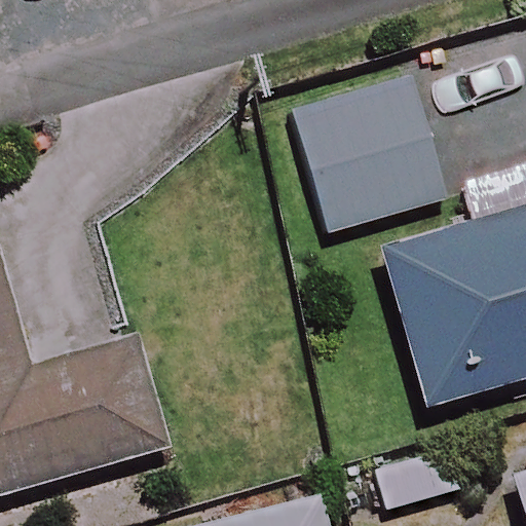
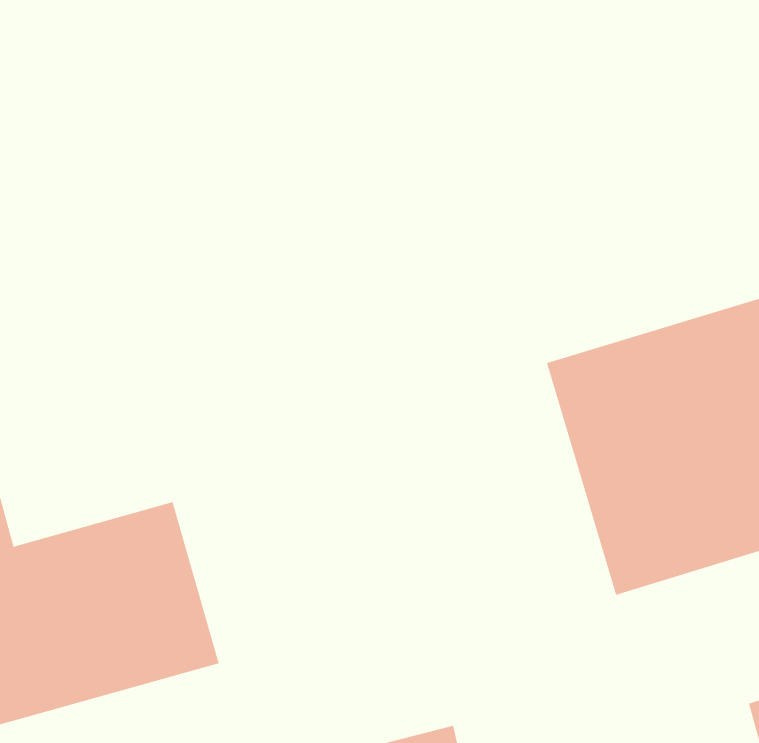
building: [287,69,450,231] -> none

